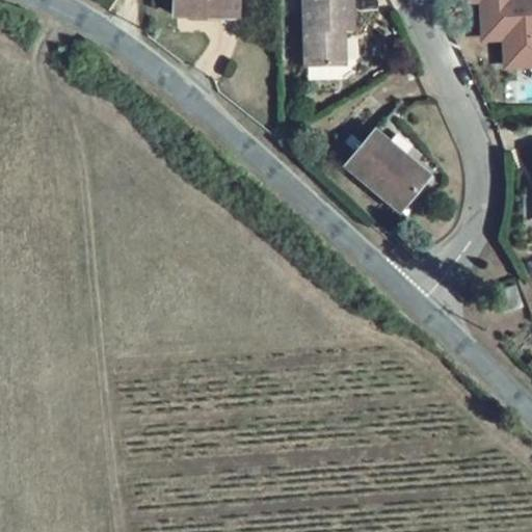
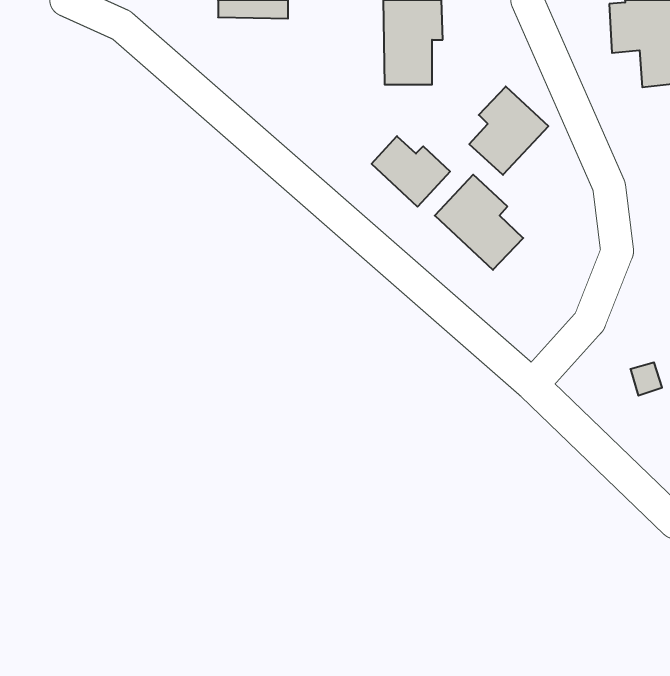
building: none -> [469,86,548,175]
building: none -> [372,136,450,207]

